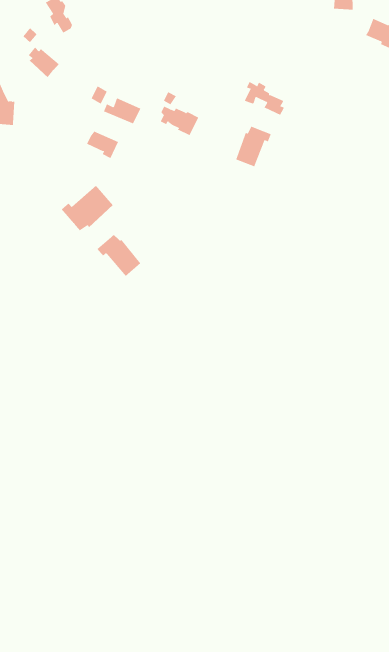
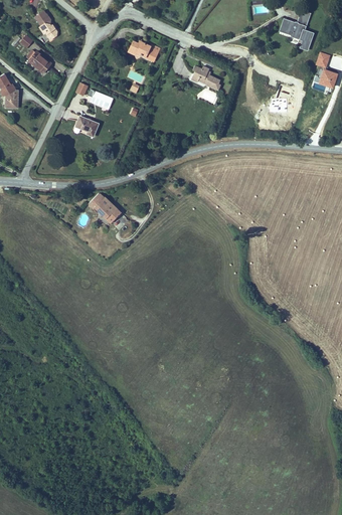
building: [160,106,199,136] -> [131,39,160,60]
building: [236,126,272,167] -> none
building: [61,185,114,231] -> none

